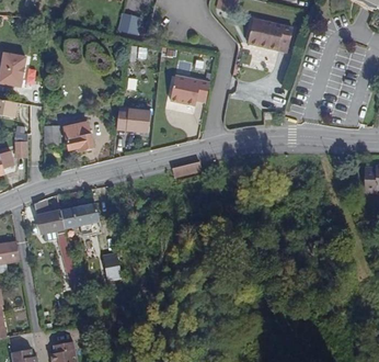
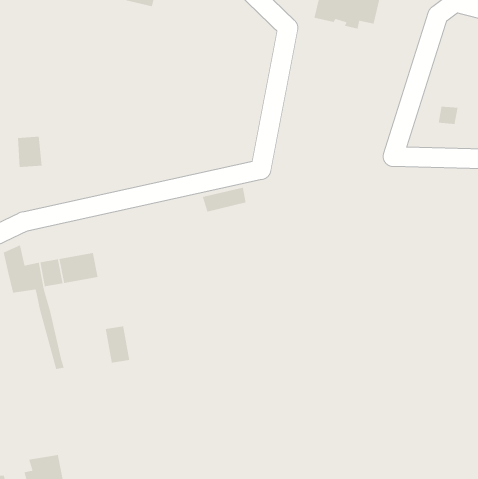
building: [171,73,210,103] -> none
building: [117,109,150,132] -> none
building: [64,123,92,149] -> none

